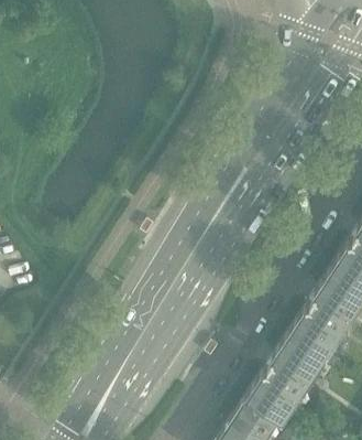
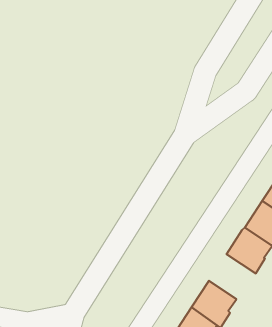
building: [270,333,326,387] -> none

